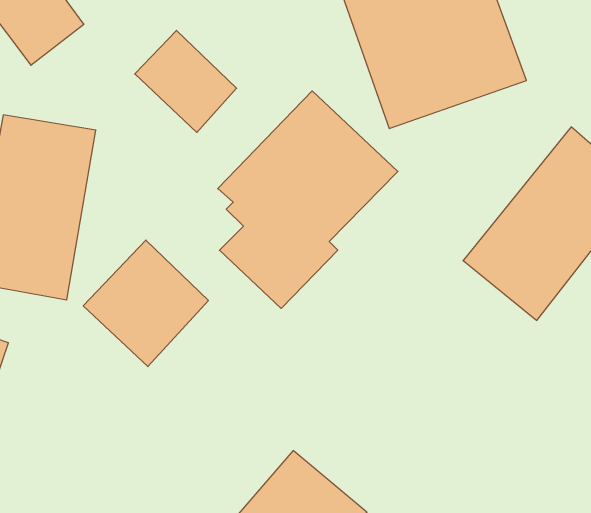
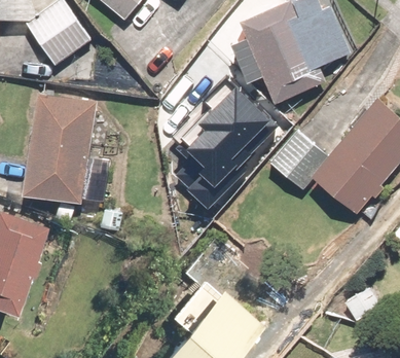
building: [135,30,237,132] -> none
building: none -> [272,133,327,187]
building: [83,240,208,367] -> none

